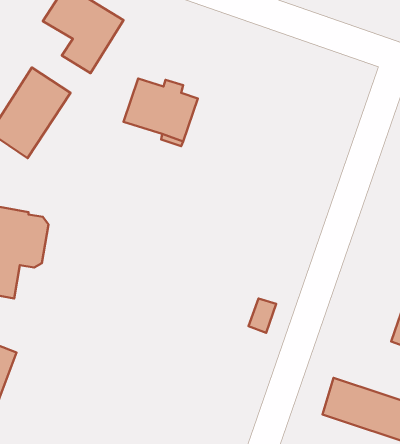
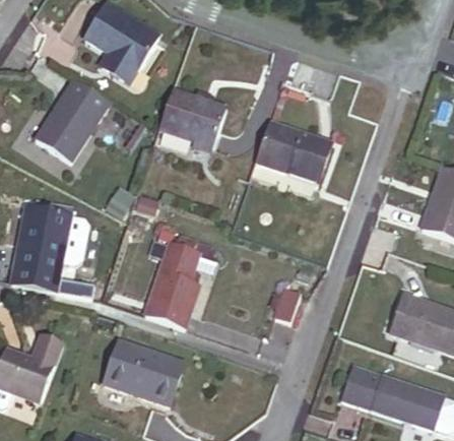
building: none -> [255,121,330,180]
building: none -> [145,234,199,327]
building: none -> [106,340,184,405]

